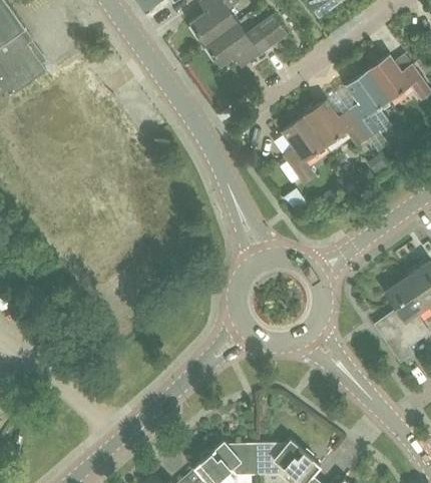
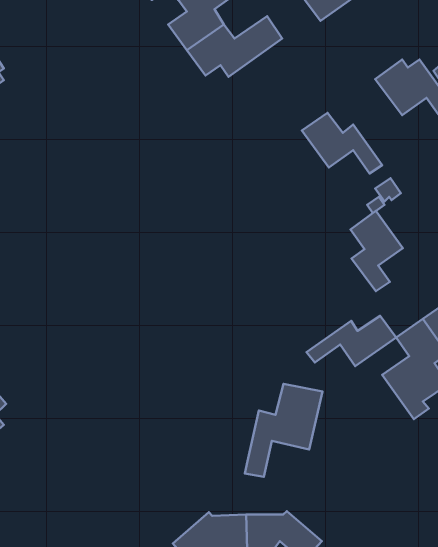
building: [346,70,390,137] -> none
building: [282,114,327,183] -> [350,211,403,291]
building: none -> [307,316,396,366]
building: none -> [245,384,322,477]

